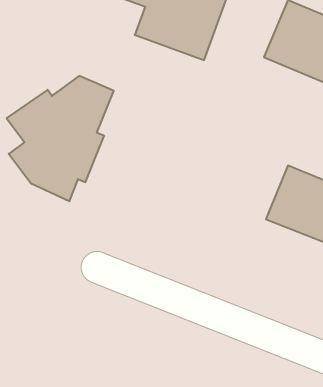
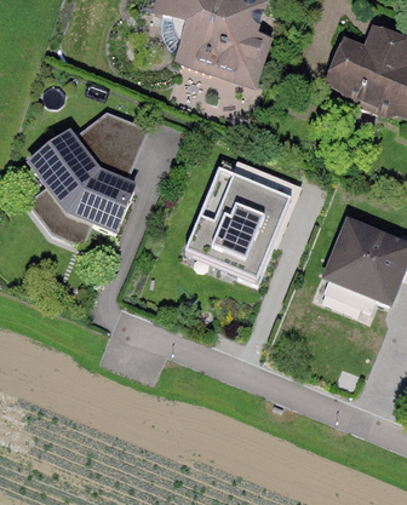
building: none -> [184,163,292,279]

